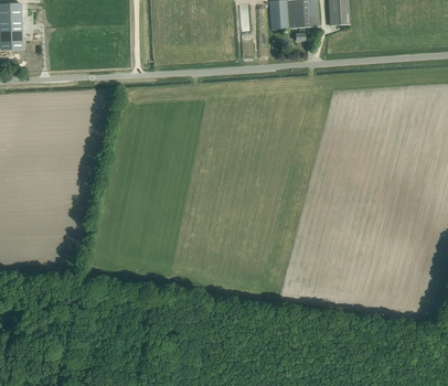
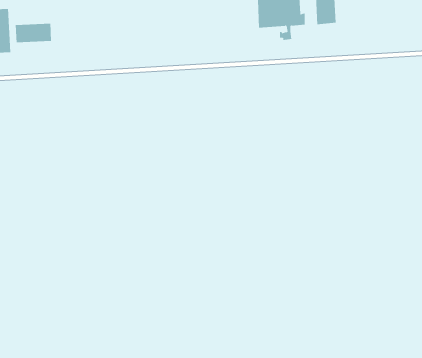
building: none -> [15,23,52,43]

